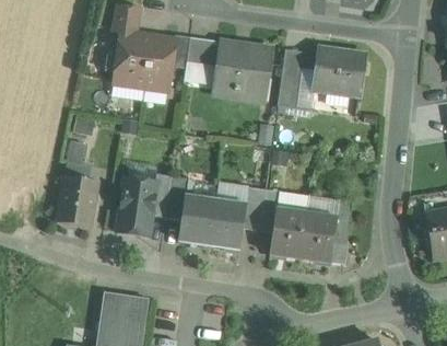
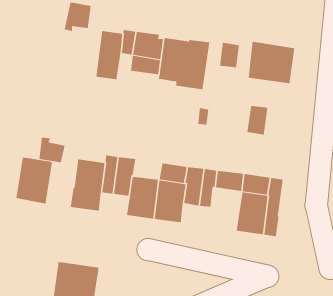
building: [111,32,151,88] -> none
building: [277,76,301,108] -> [247,105,268,135]
building: none -> [39,137,65,163]
building: [269,210,306,258] -> none

